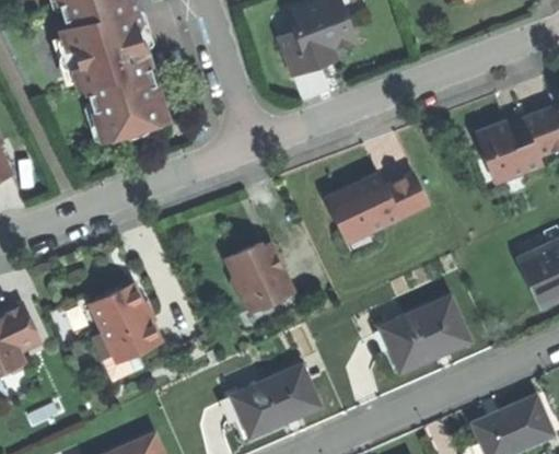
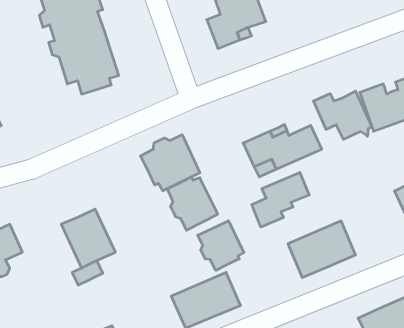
building: none -> [313,91,372,139]
building: none -> [140,135,200,191]
building: none -> [252,172,309,227]
building: none -> [198,221,244,270]

